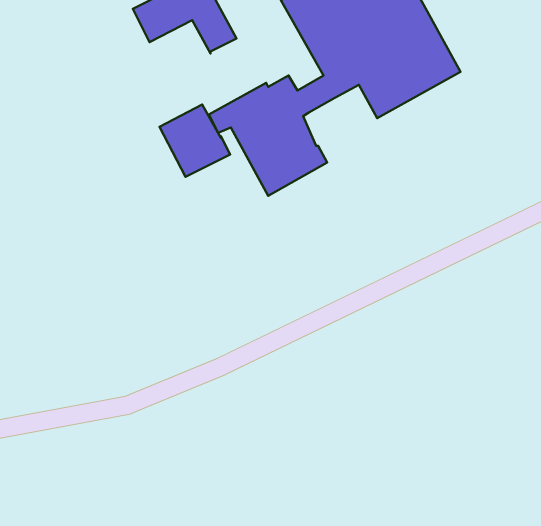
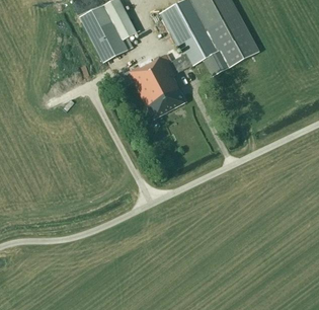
building: [160,105,230,177] -> [89,22,128,62]

